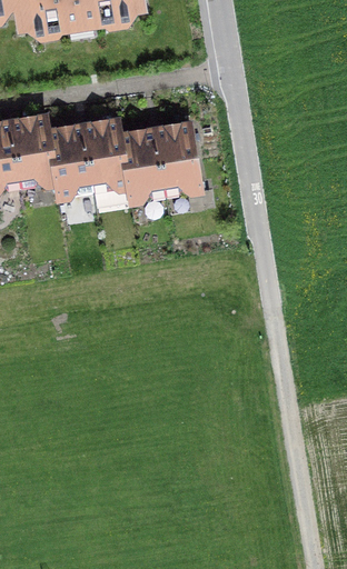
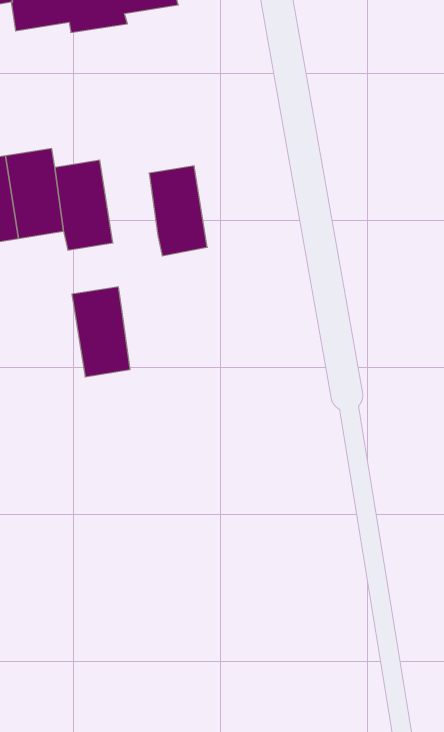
building: [81,119,126,188] -> [72,287,130,377]
building: [153,123,199,191] -> none

